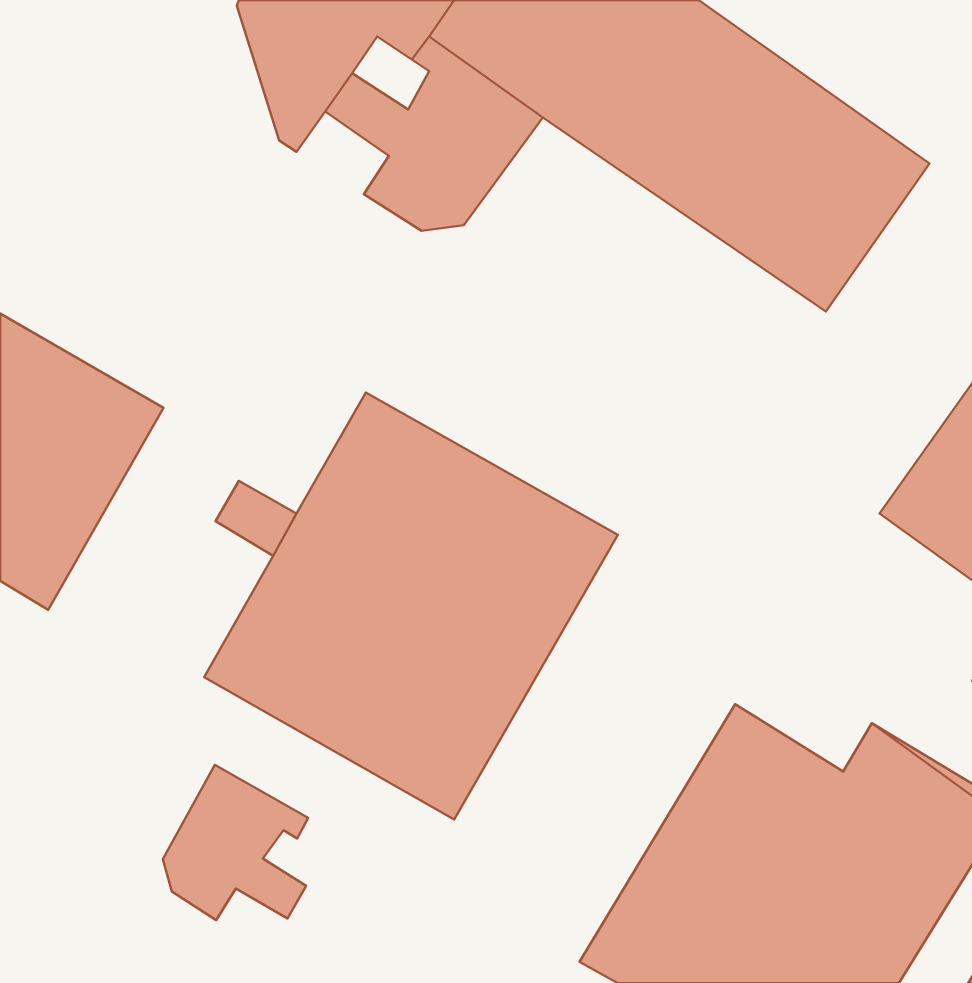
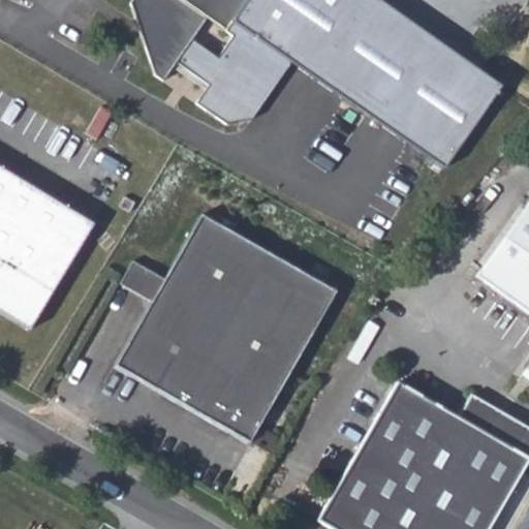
building: [163,765,308,920] -> none

